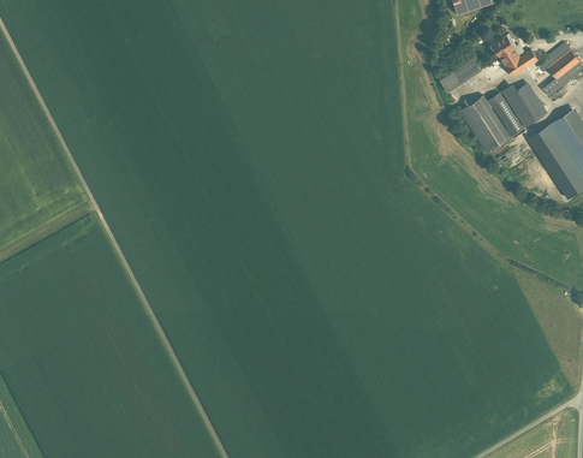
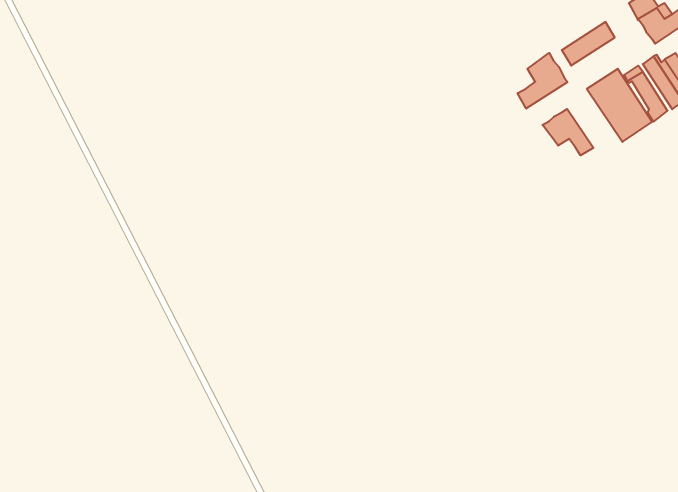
building: none -> [518,53,567,109]
building: none -> [542,109,593,155]

